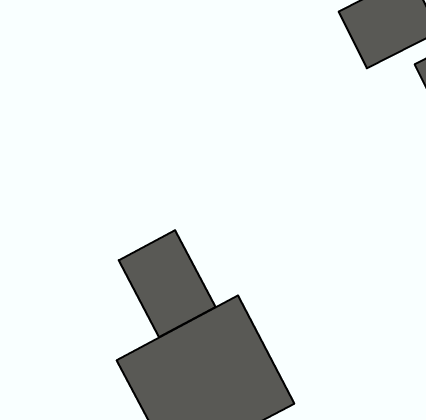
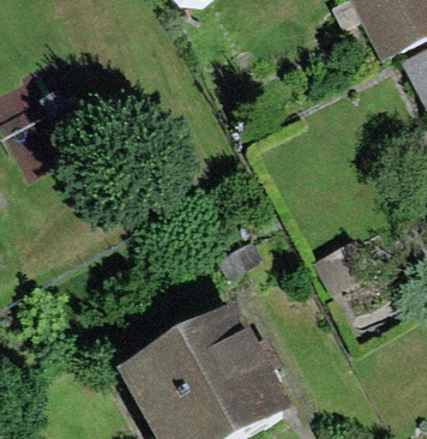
building: [119,230,215,337] -> none

